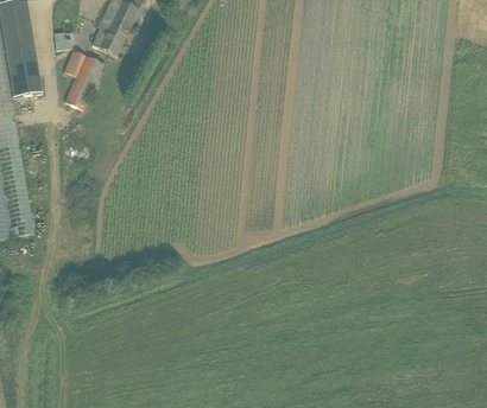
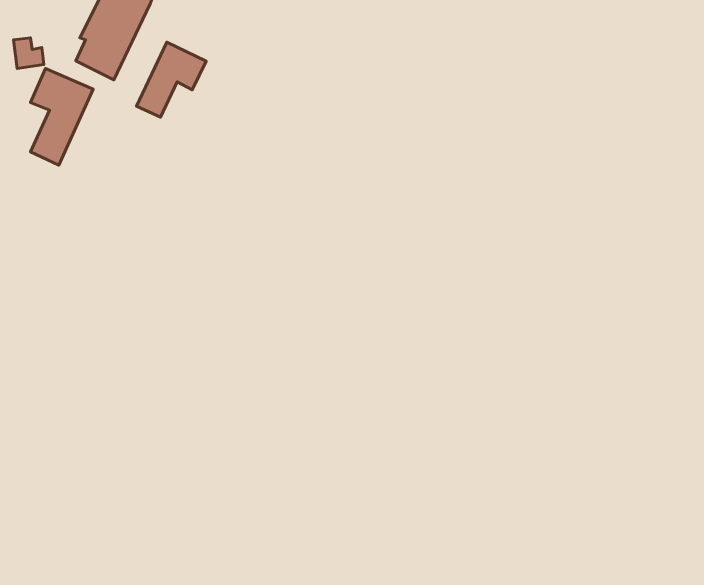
building: none -> [136,42,206,117]

